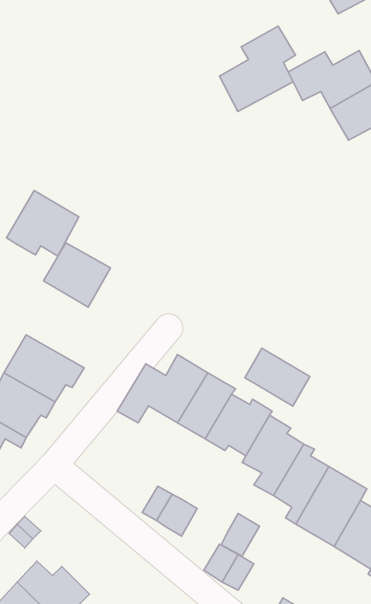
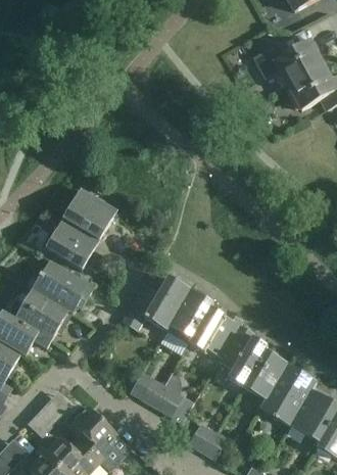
building: [220,26,295,111] -> none
building: [7,190,79,256] -> [42,219,98,270]
building: [245,348,310,406] -> none
building: [221,514,259,556] -> none
building: none -> [71,406,117,462]

